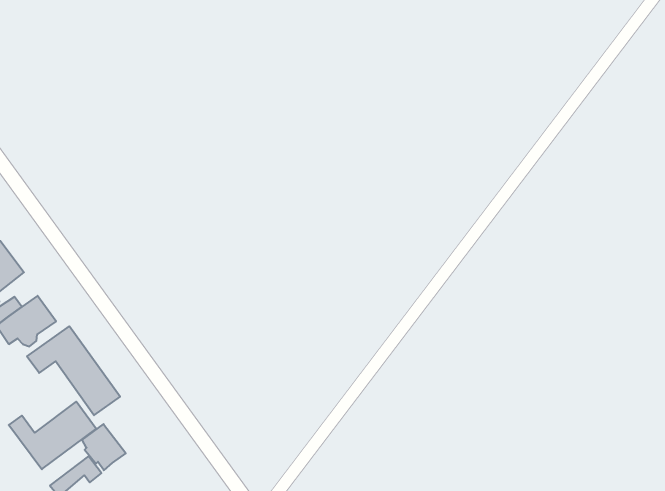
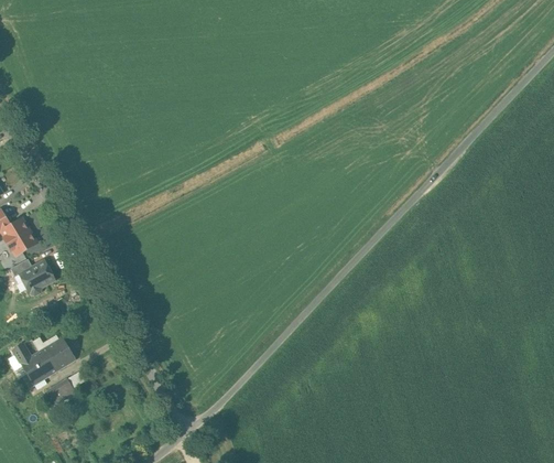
building: [27,326,120,415] -> none
building: [82,424,126,470] -> none

